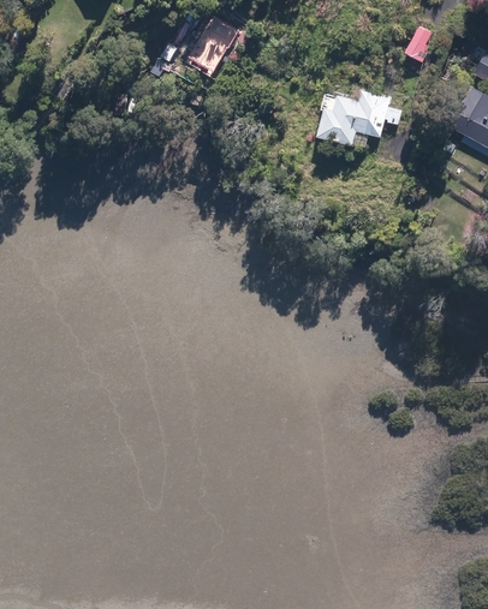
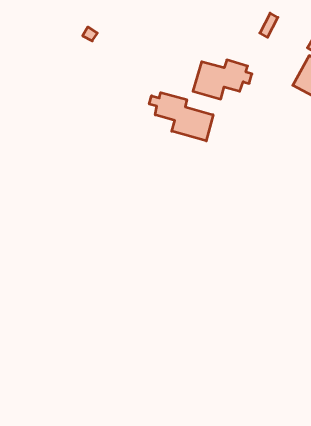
building: [190,22,237,78] -> none
building: none -> [149,93,213,141]

